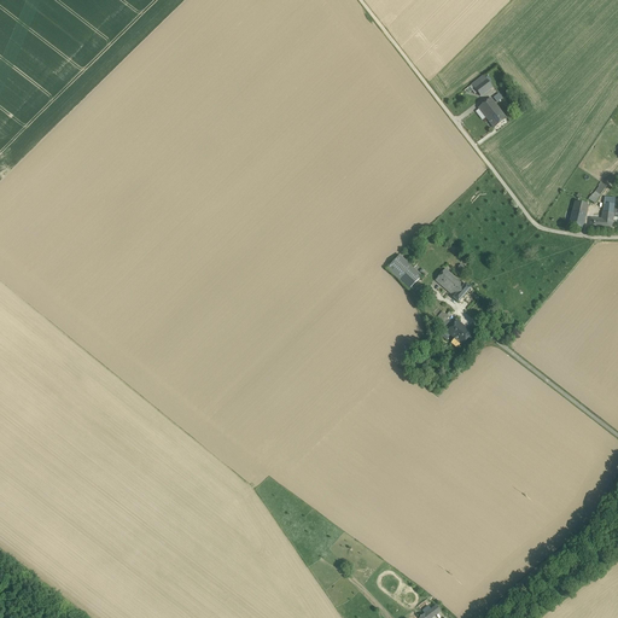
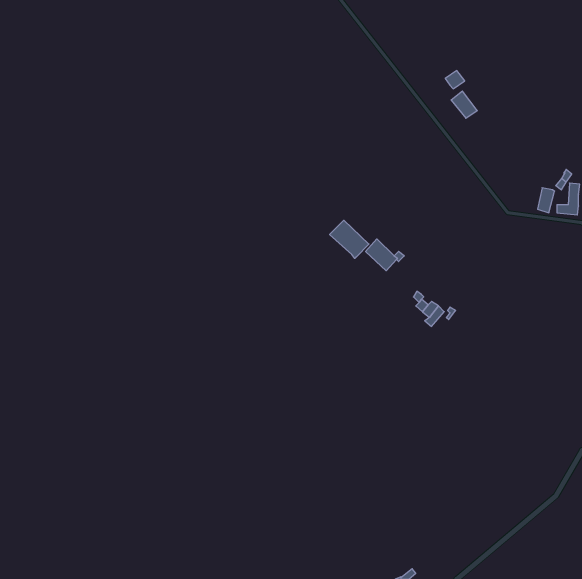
building: none -> [330,220,369,258]
building: [435,267,470,302] -> none

